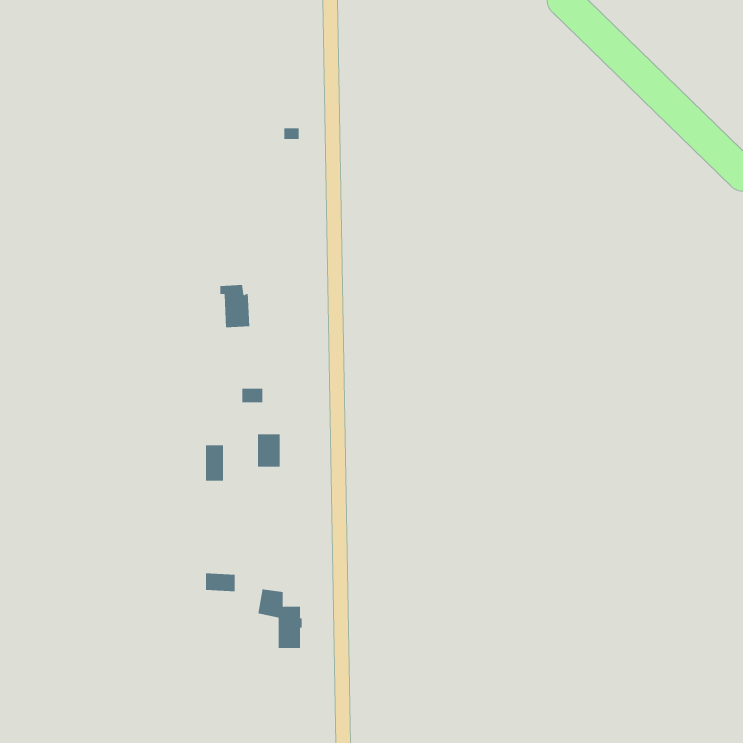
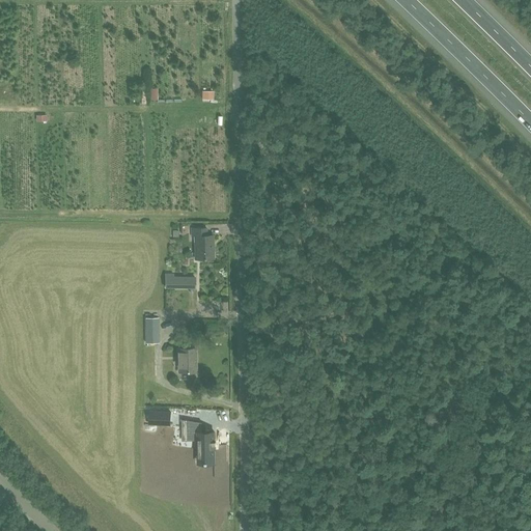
building: [219,284,250,328] -> [192,228,214,259]
building: [257,434,281,467] -> [179,348,196,372]

